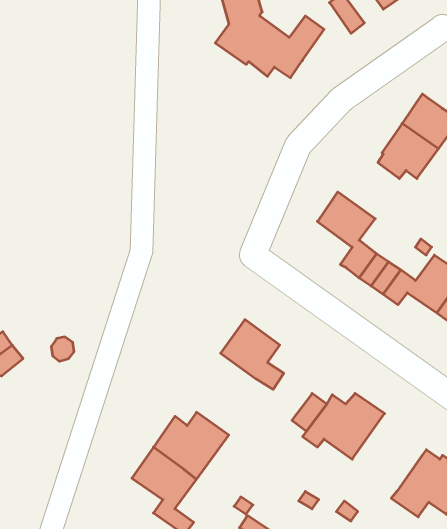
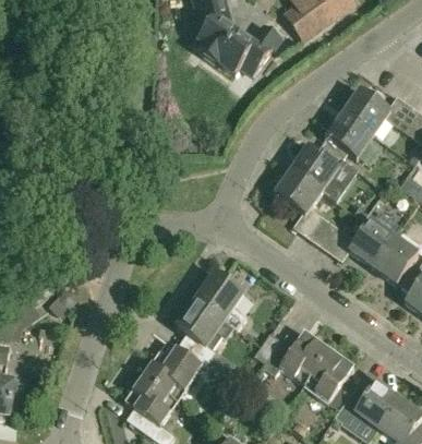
building: none -> [291,144,347,201]
building: none -> [177,299,225,367]
building: none -> [303,348,360,411]

